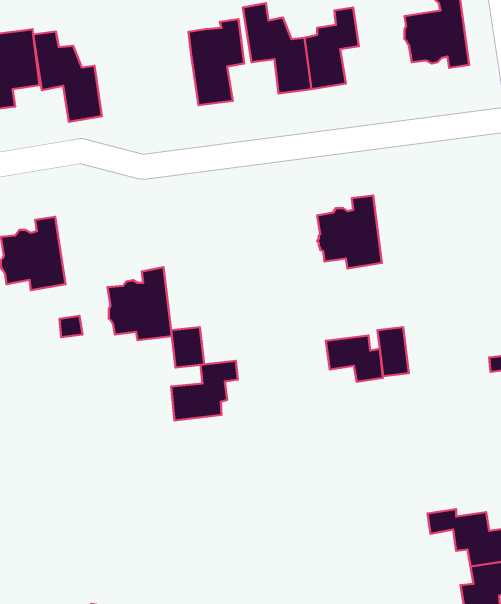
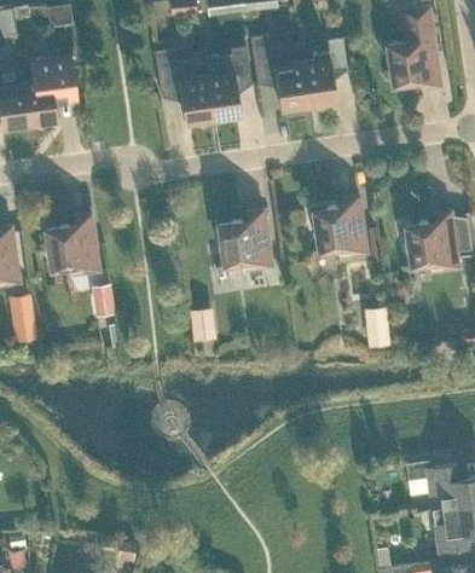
building: [33,32,102,122] -> [155,47,213,123]
building: none -> [405,210,459,271]
building: [108,267,172,340] -> [218,208,272,270]
building: [326,336,383,382] -> none
building: [171,361,238,421] -> none

